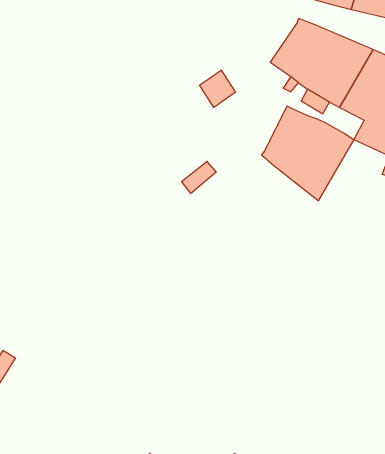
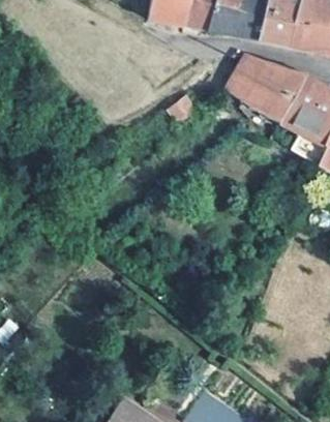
building: [262,106,354,201] -> none

